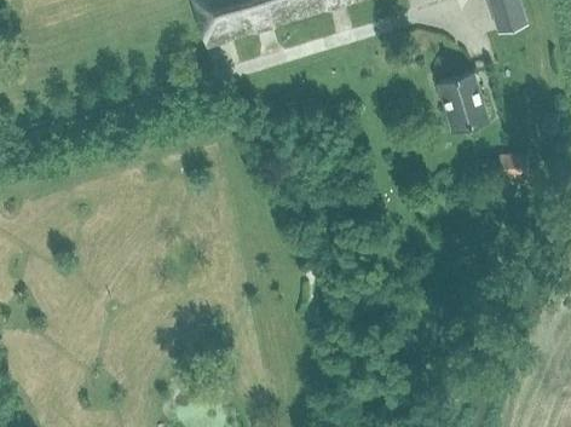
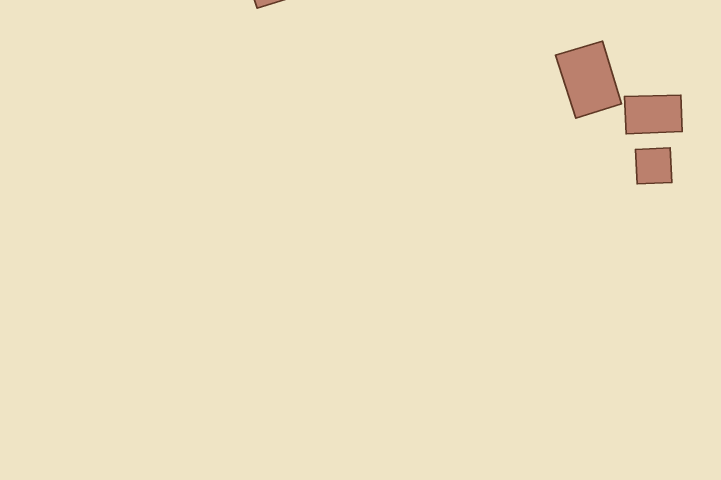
building: none -> [625,95,682,134]

